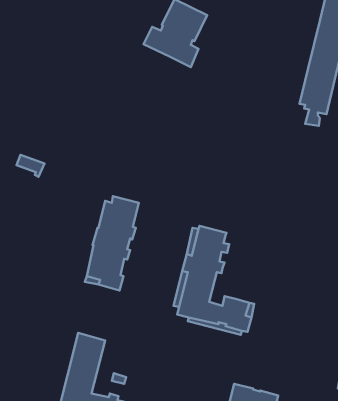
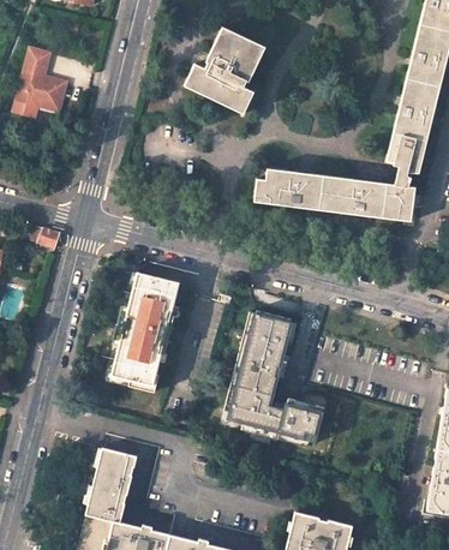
building: none -> [18,48,68,116]
building: none -> [253,168,411,221]

